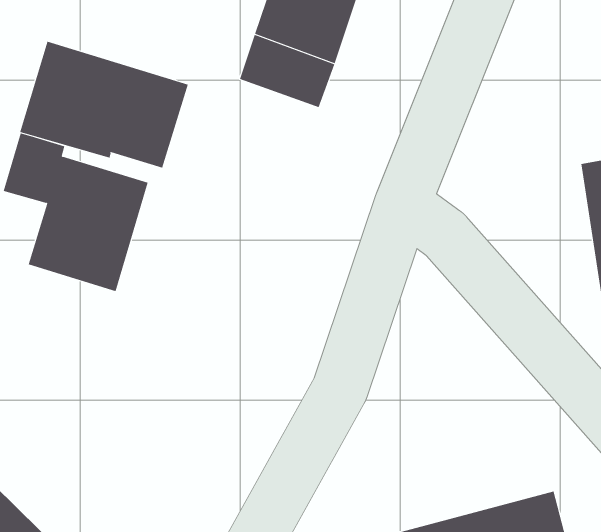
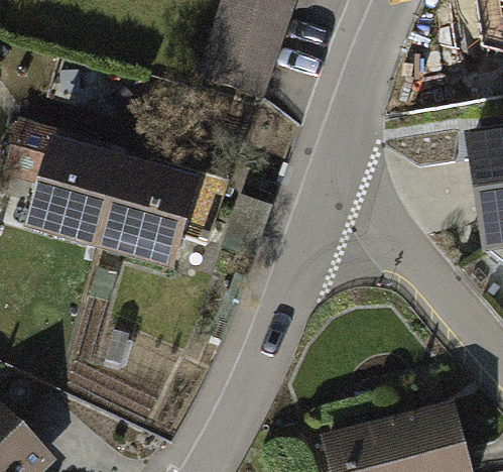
building: [20,41,188,168] -> none
building: none -> [97,156,233,267]

